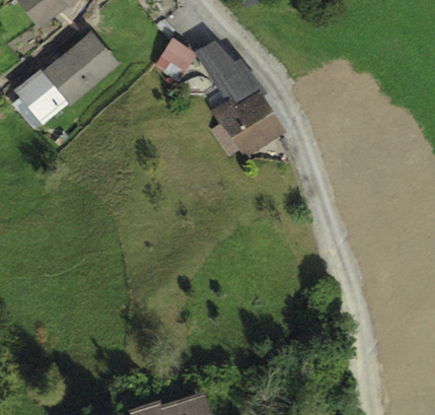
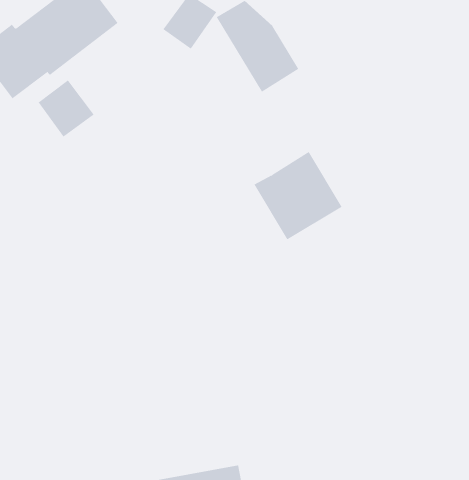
building: [216,90,284,158] -> [253,151,342,240]
building: none -> [38,79,95,138]

